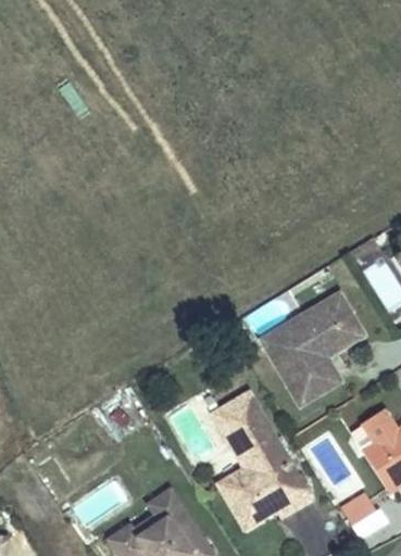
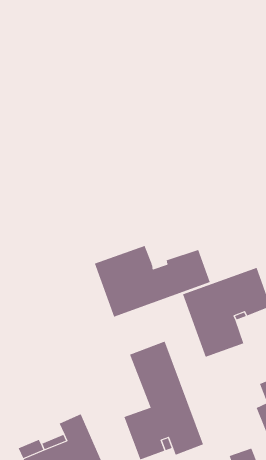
building: none -> [94,245,210,317]

